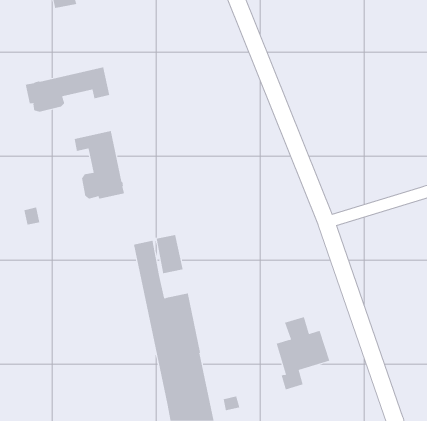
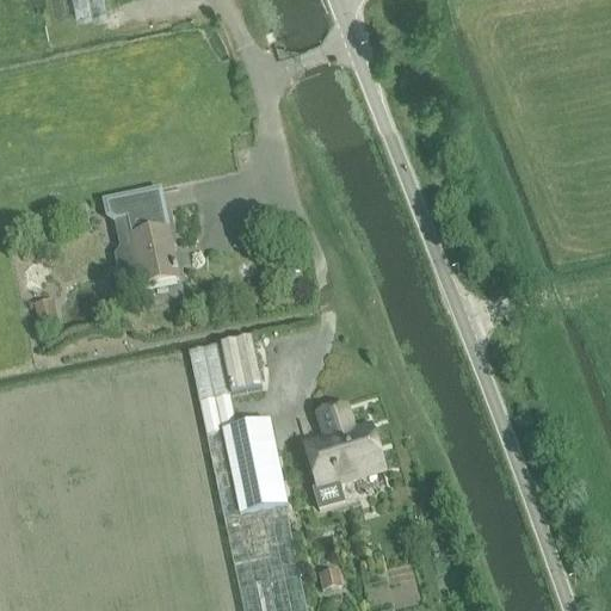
building: [25,67,110,112] -> none
building: [276,317,330,390] -> [304,402,382,507]

